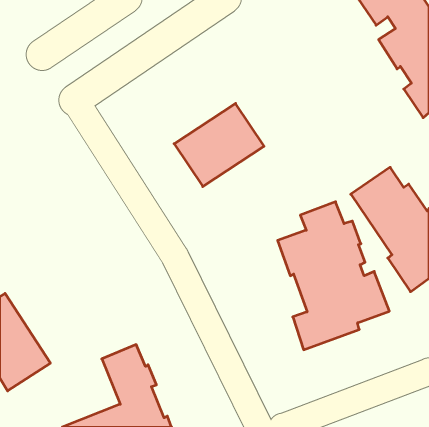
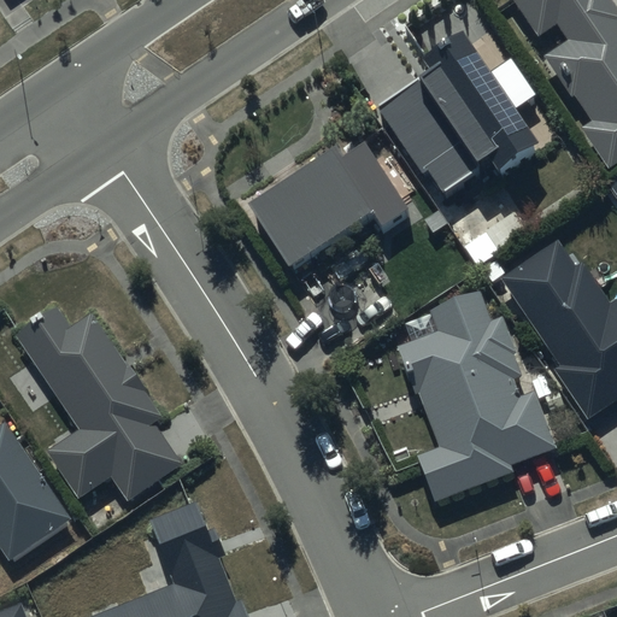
building: none -> [378,35,542,194]
building: none -> [17,307,183,500]

